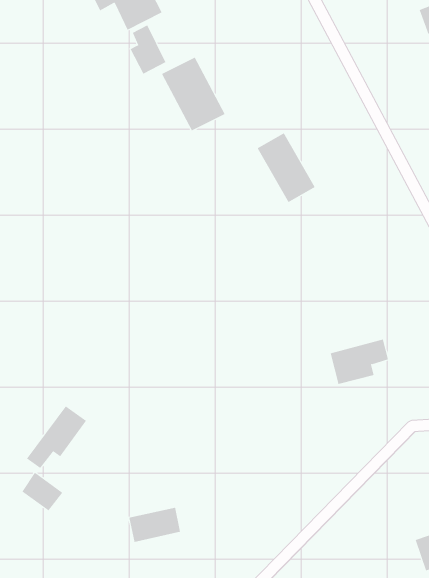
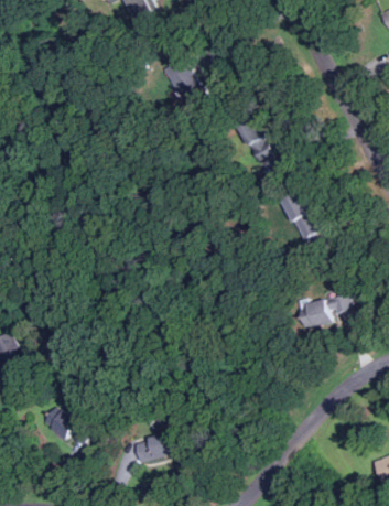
building: [130,25,166,74] -> none
building: none -> [284,192,323,245]
building: [26,405,87,469] -> none

